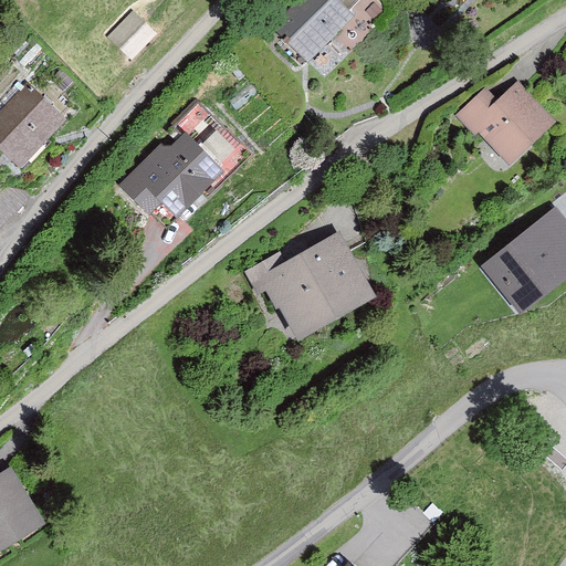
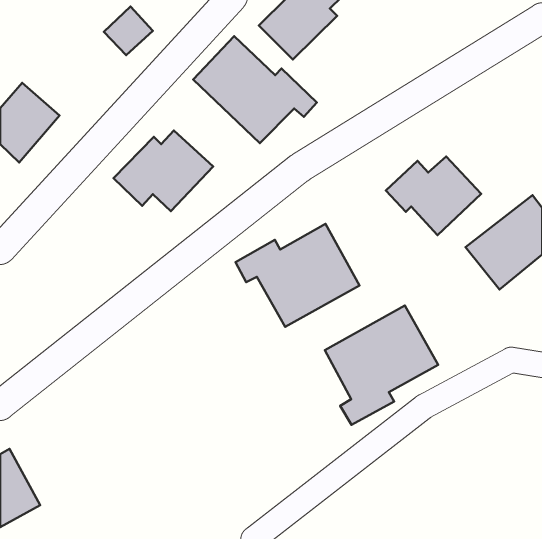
building: none -> [193,36,317,143]
building: [453,83,553,165] -> [386,157,481,235]
building: none -> [325,306,438,425]

